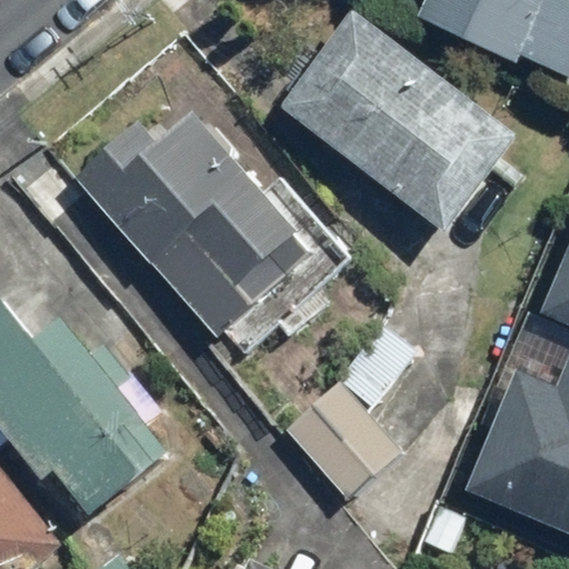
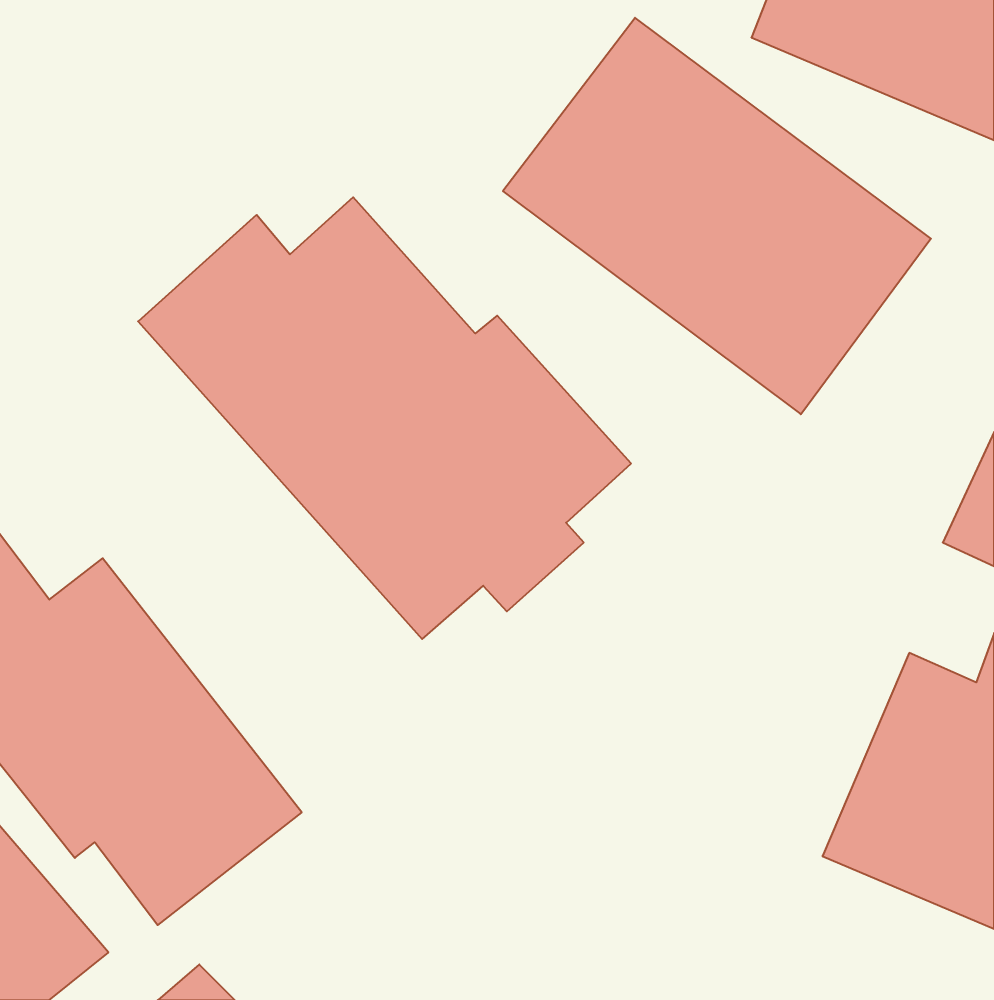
building: [279,378,396,495] -> none

